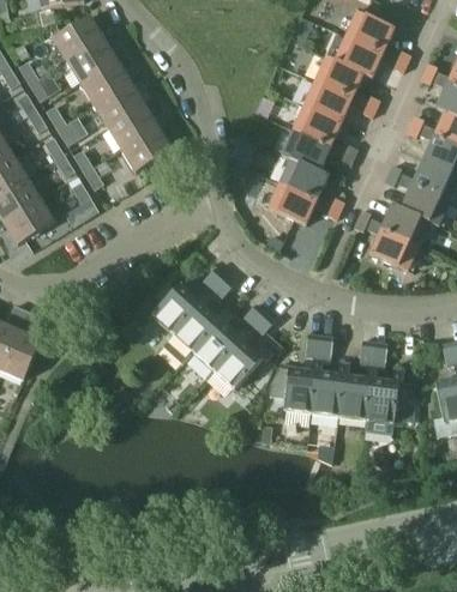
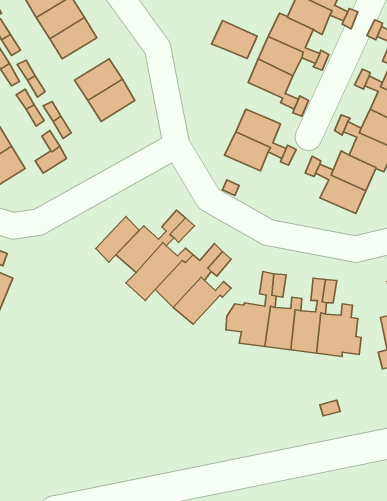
building: [94,81,144,127] -> none
building: [281,129,330,170] -> [211,21,257,59]
building: none -> [96,217,139,262]

